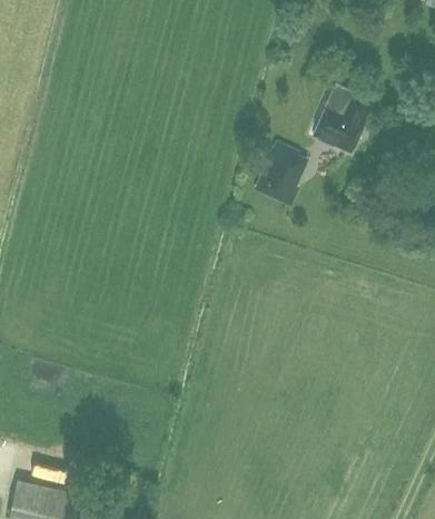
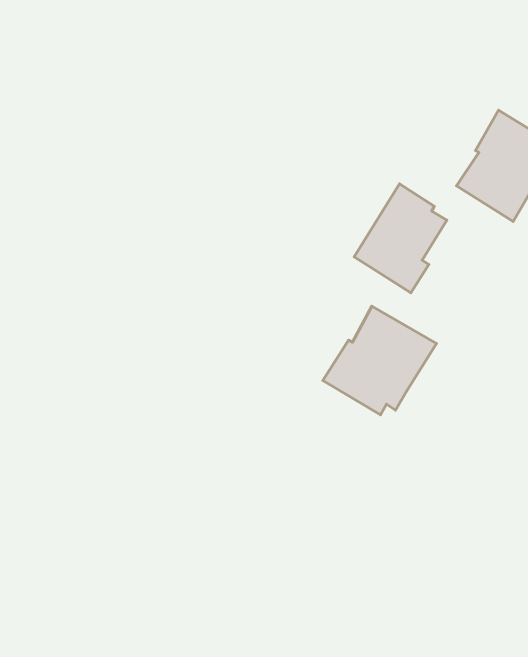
building: none -> [323,306,436,415]

